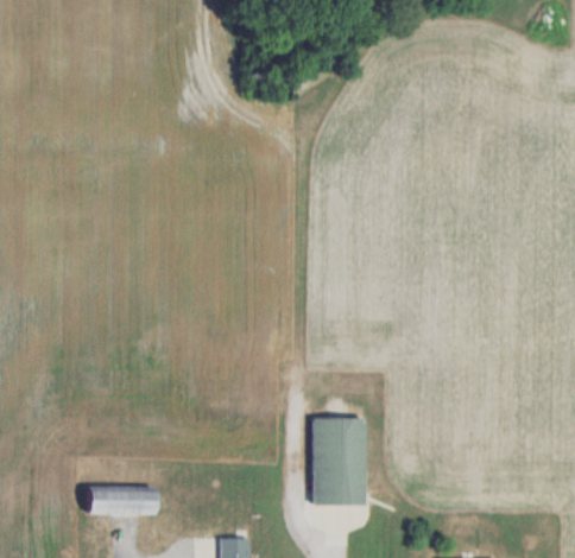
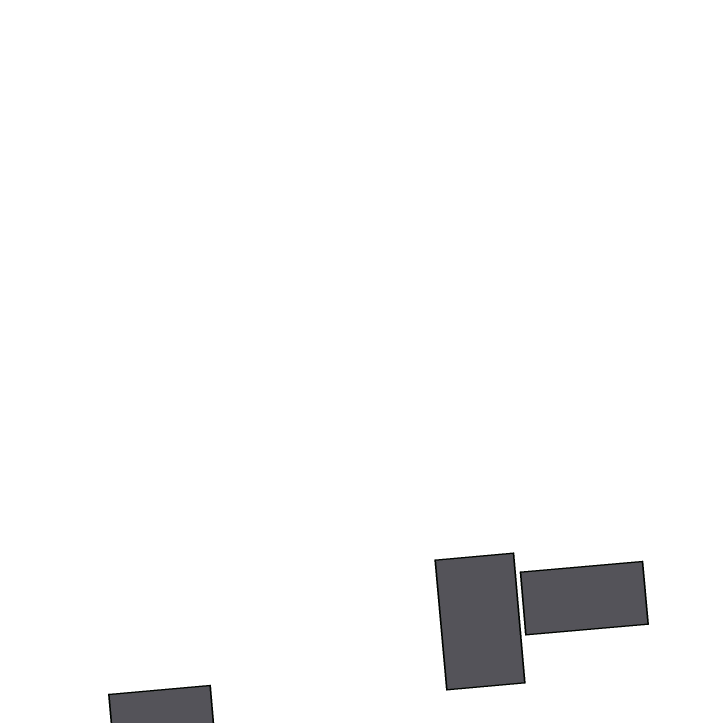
building: none -> [520,561,648,635]

